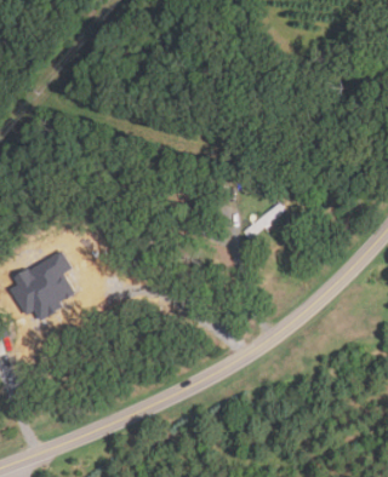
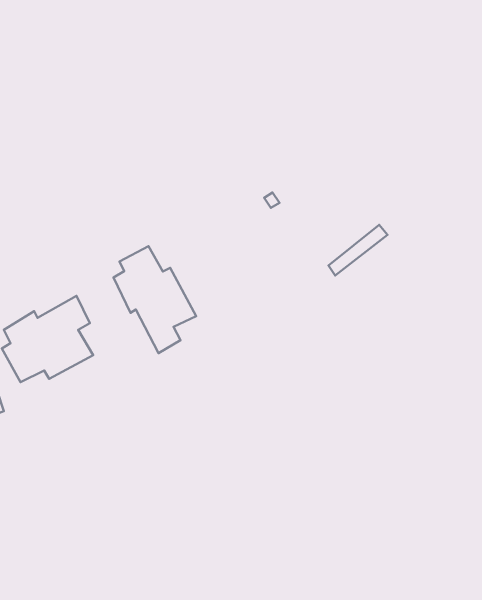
building: none -> [113,246,196,353]

